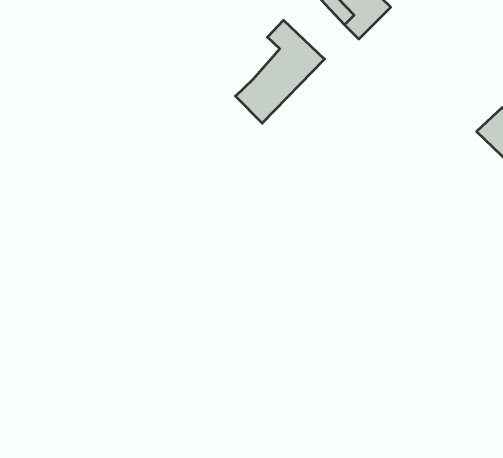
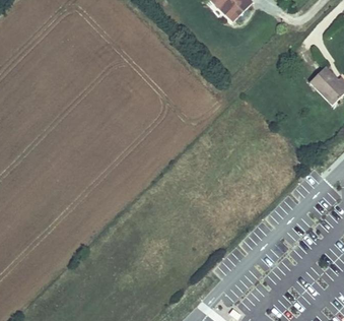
building: [235,20,325,123] -> none

